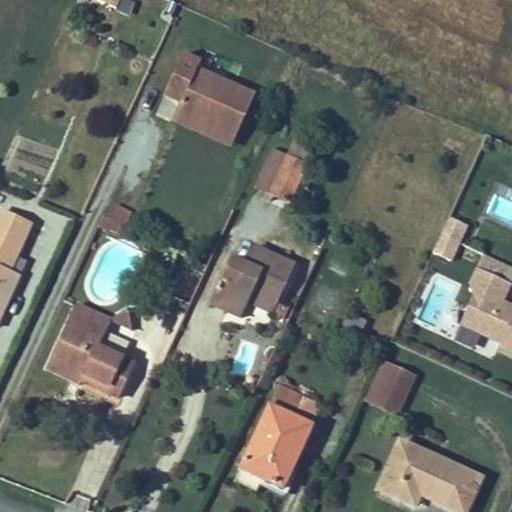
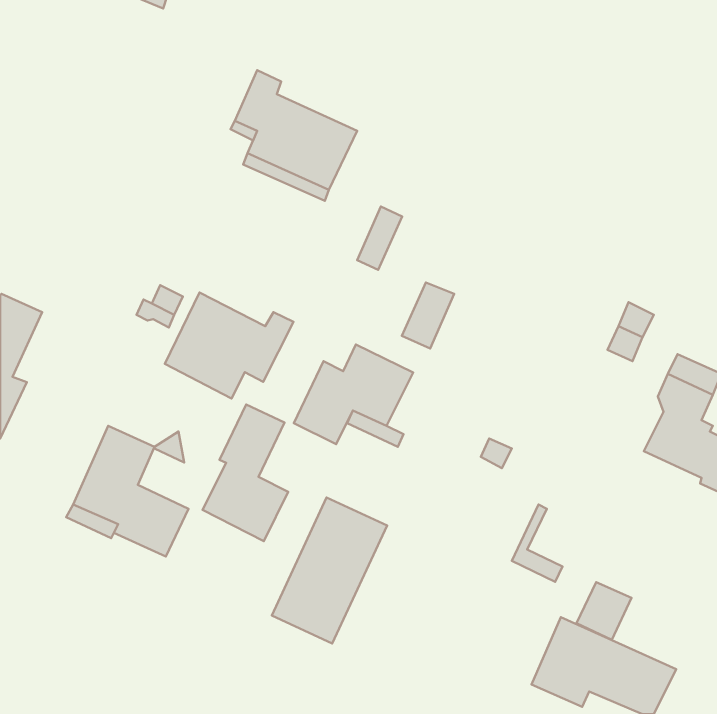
building: [270,154,307,201] -> [402,282,454,348]
building: none -> [165,292,293,399]
building: none -> [202,405,288,541]
building: [376,362,415,403] -> [577,582,631,640]
building: [240,383,322,487] -> [272,497,387,644]

